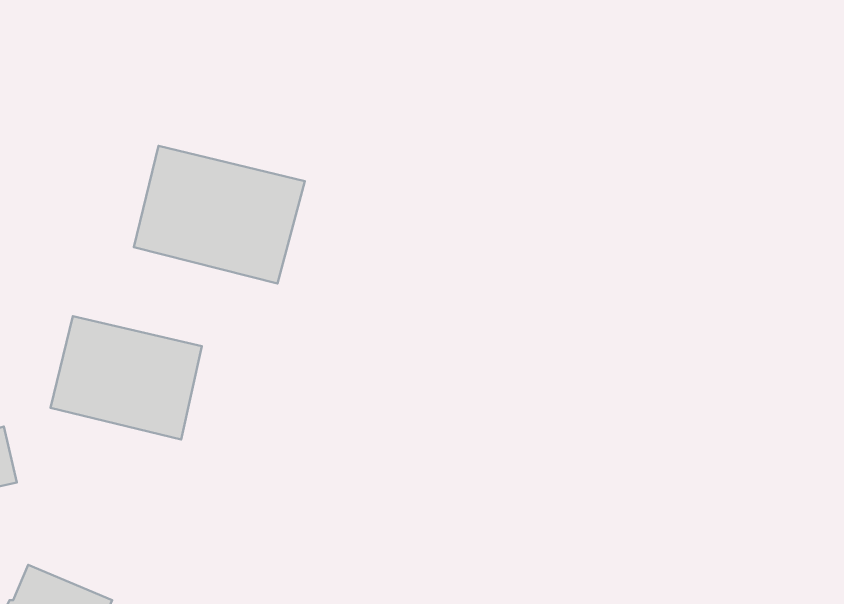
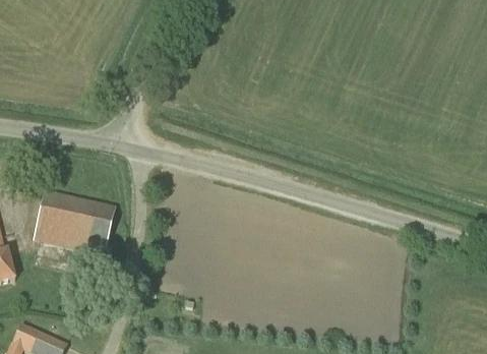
building: [134,146,305,284] -> none

